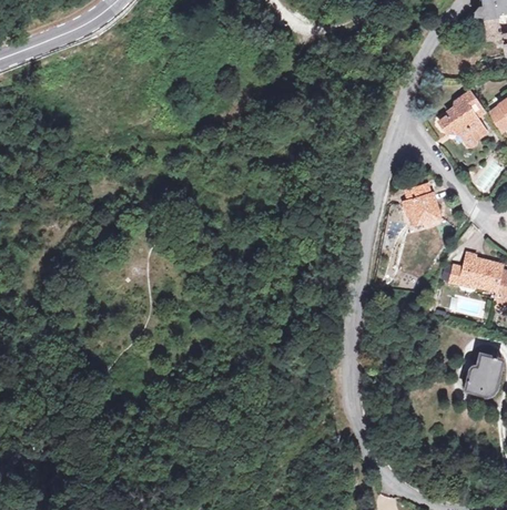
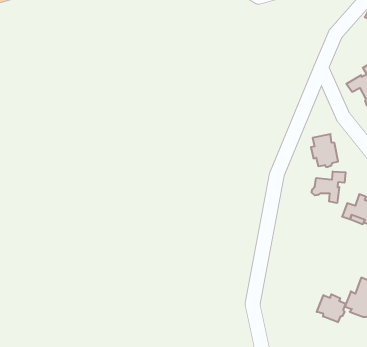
building: none -> [312,171,346,203]
building: none -> [317,294,346,322]

